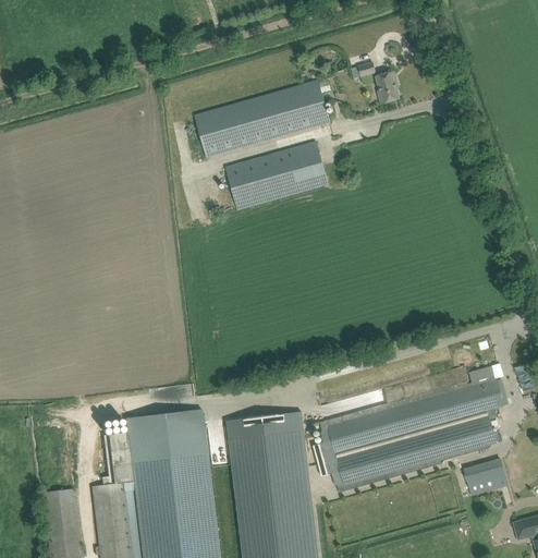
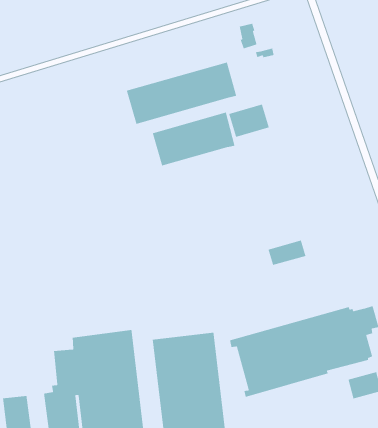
building: [376,71,399,104] -> [239,23,257,49]
building: none -> [228,104,270,138]
building: none -> [268,240,307,266]

